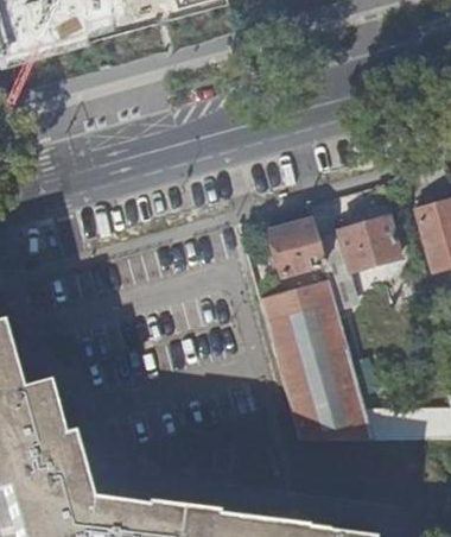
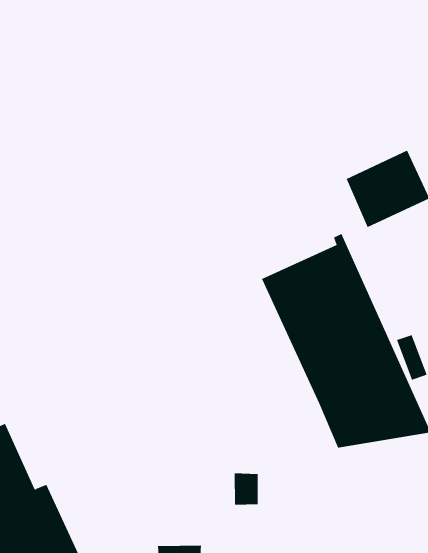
building: [268,216,324,273] -> none

